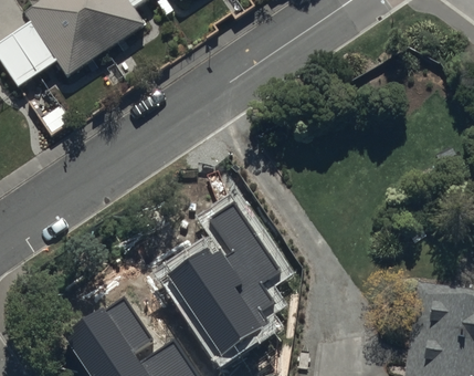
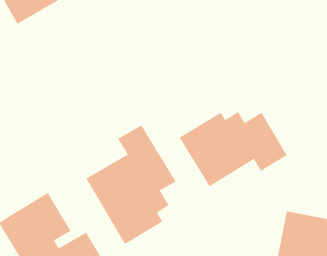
building: none -> [179,111,287,187]

